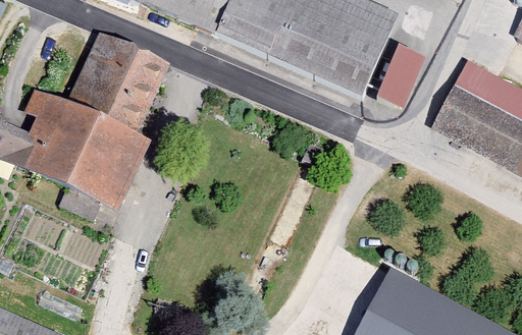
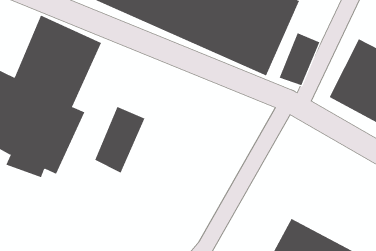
building: none -> [94,106,145,173]

